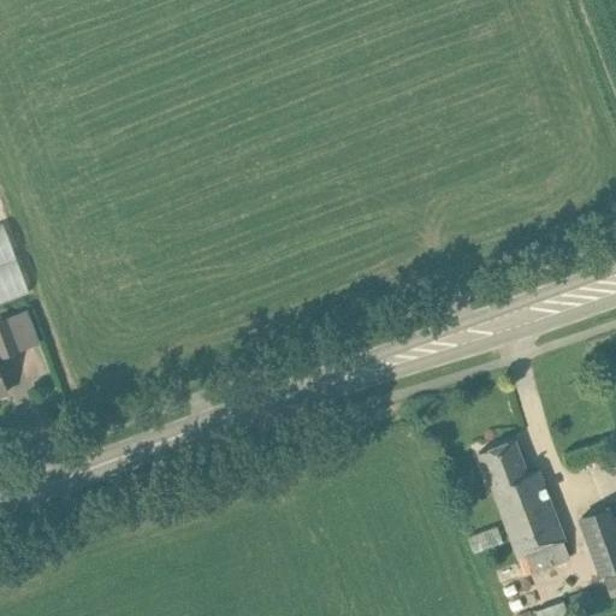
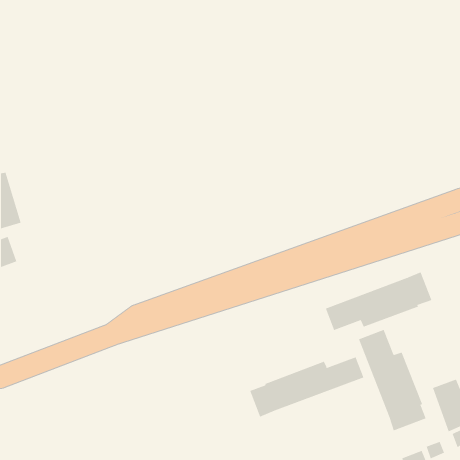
building: none -> [325,272,432,331]
building: none -> [250,357,364,417]

